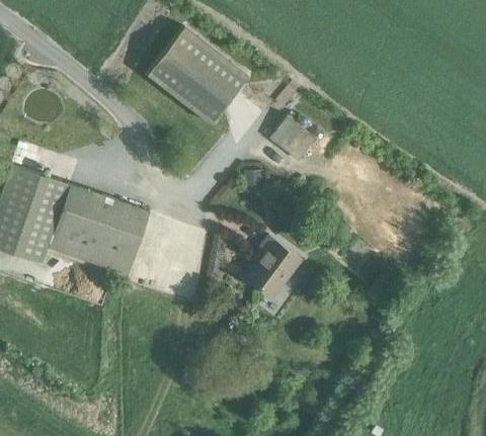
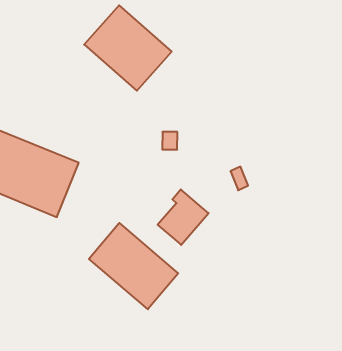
building: [270,116,316,161] -> none
building: none -> [89,223,178,309]

